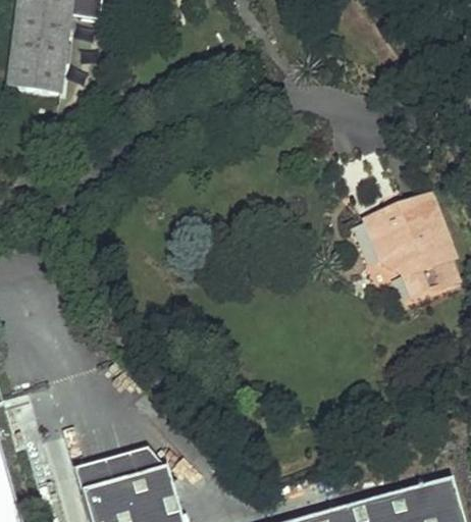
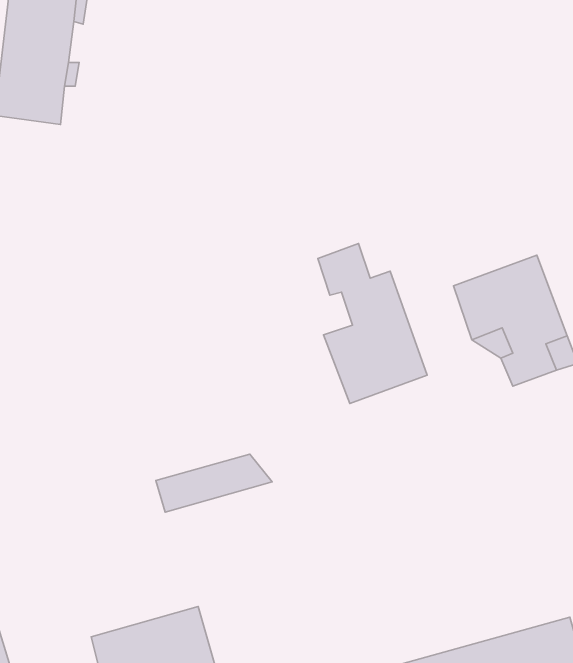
building: none -> [318,244,427,403]
building: [75,449,165,493] -> [156,454,272,512]

